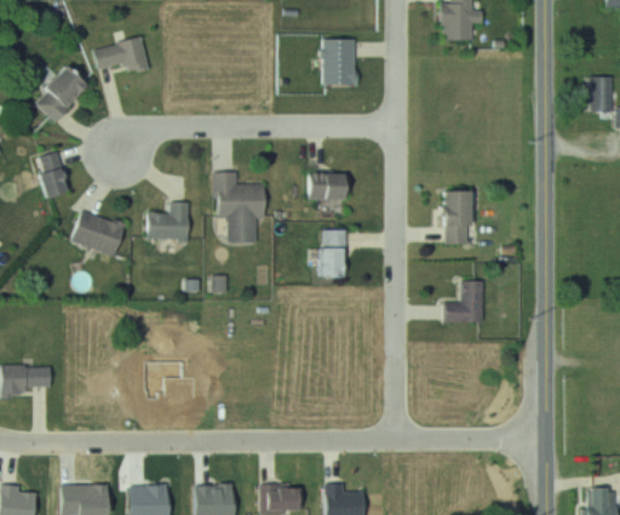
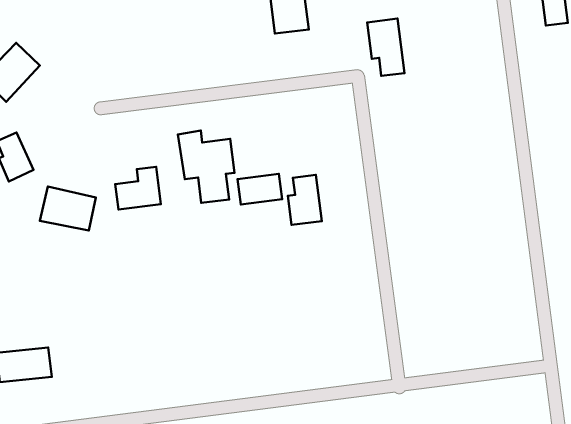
building: [92,38,148,74] -> none
building: [305,173,346,199] -> [238,174,282,204]
building: [438,190,469,245] -> [367,19,404,76]
building: [446,282,484,324] -> none

